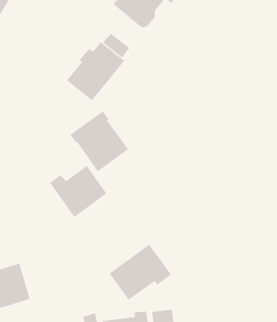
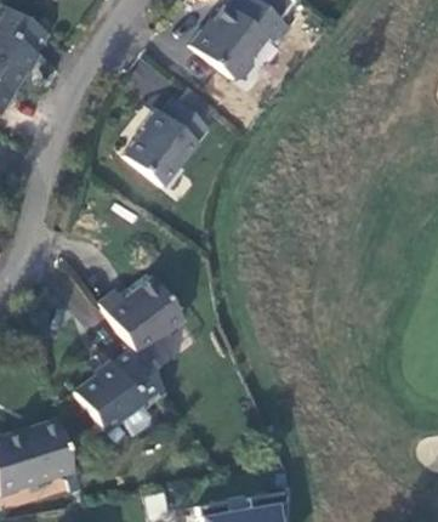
building: [70,110,129,172] -> none
building: [109,244,172,300] -> [75,350,166,431]

